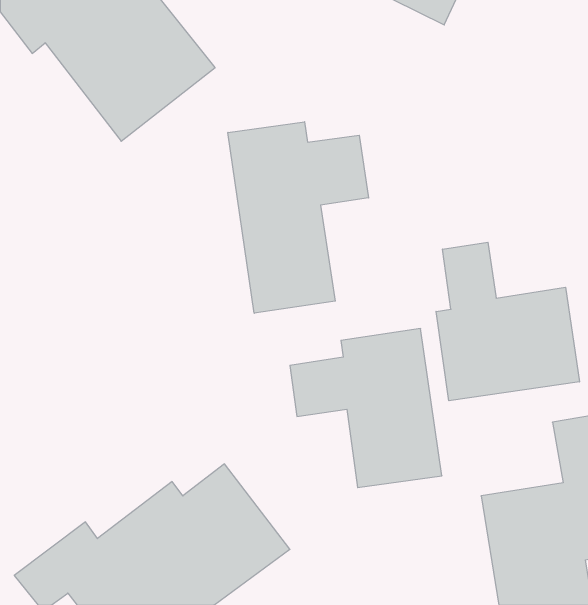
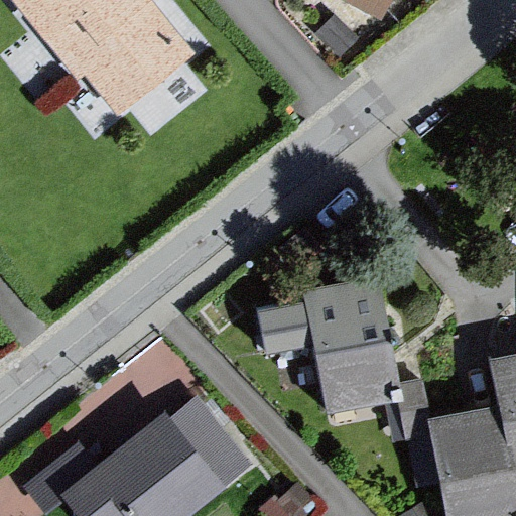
building: [228,122,369,313] -> none
building: [436,242,579,401] -> none

